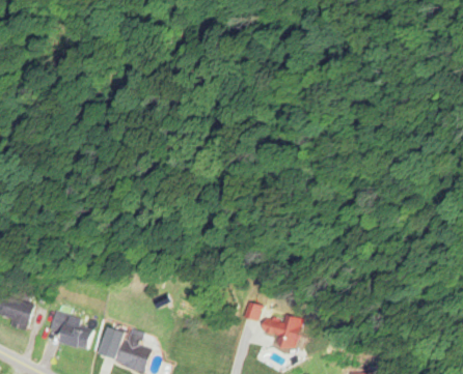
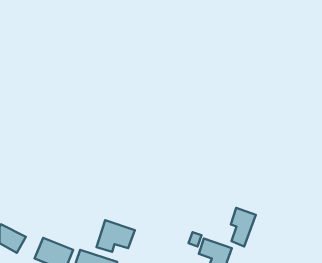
building: none -> [231,208,256,246]
building: none -> [96,220,135,252]

